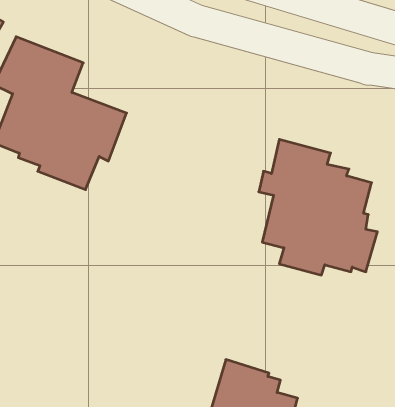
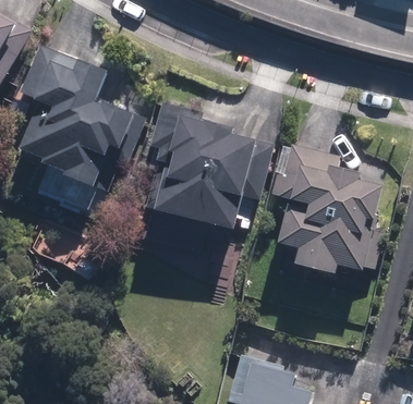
building: none -> [156,123,264,230]

